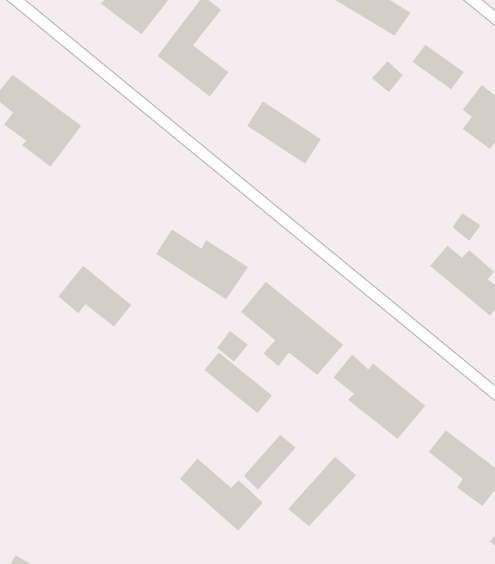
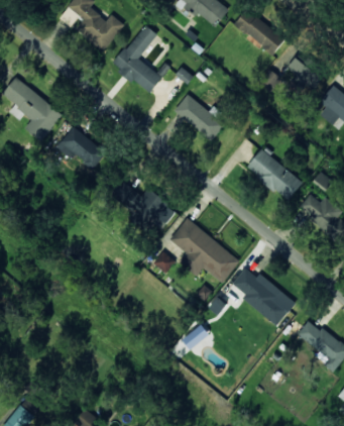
building: none -> [246,148,303,201]
building: [58,265,132,327] -> [55,126,106,169]
building: [203,351,273,414] -> none
building: [287,456,357,527] -> none
building: [179,458,264,532] -> none

